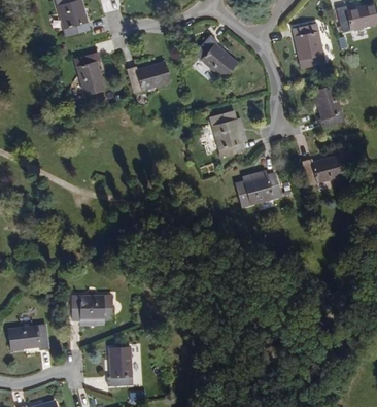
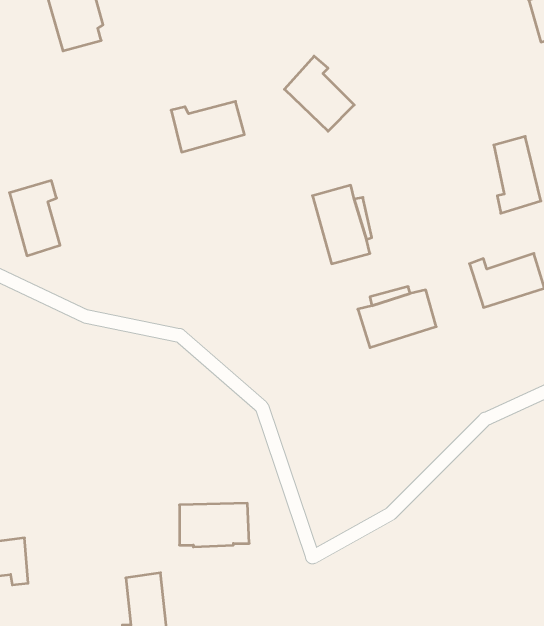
building: [296,23,328,70] -> none
building: [75,53,105,97] -> [9,181,60,256]
building: [69,294,110,319] -> [179,503,249,547]

